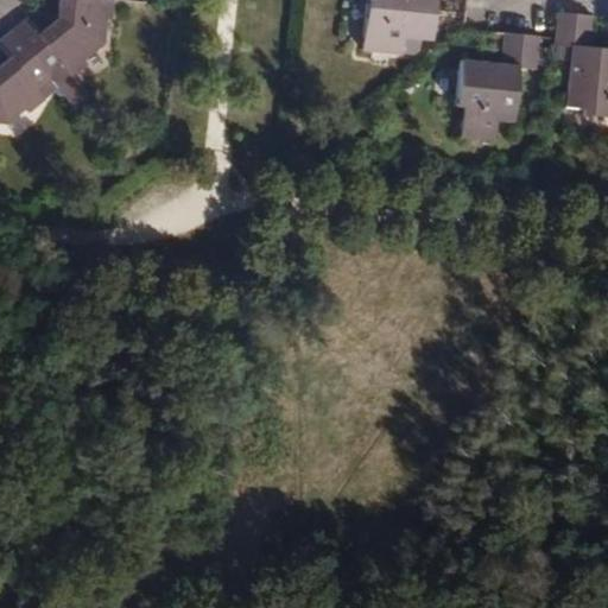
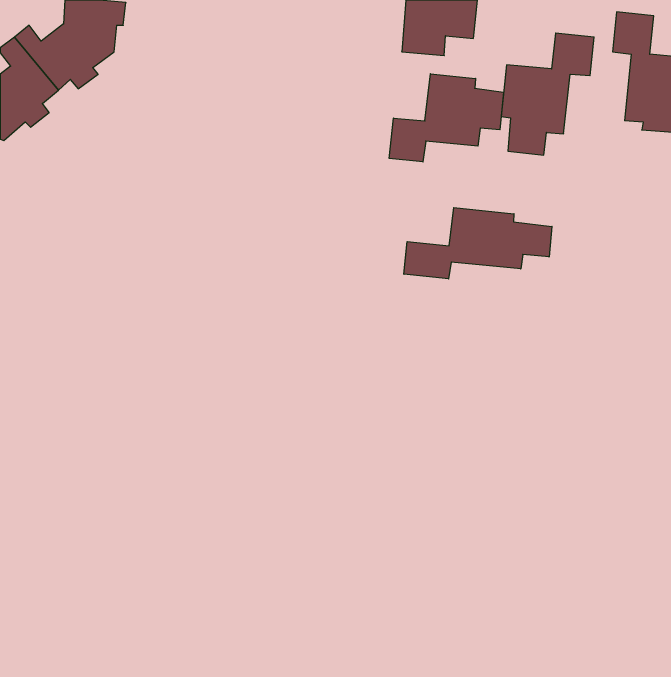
building: none -> [389,74,504,162]
building: none -> [404,208,552,279]

